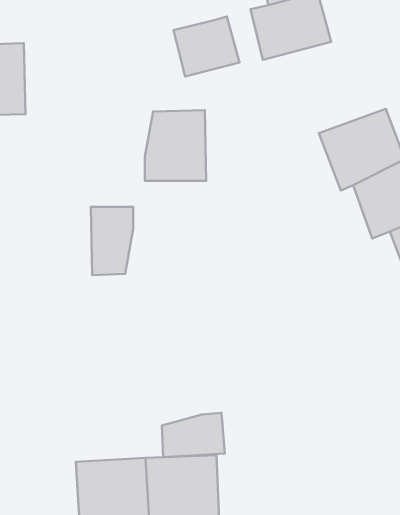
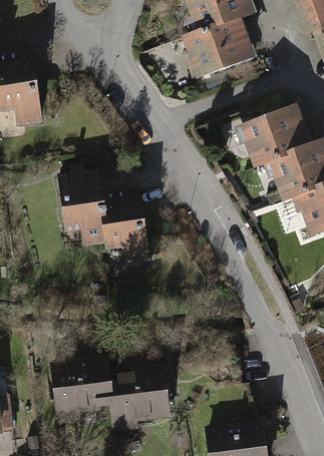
building: [173,17,240,77] -> none
building: [145,110,206,181] -> [101,199,146,252]
building: [162,413,225,457] -> none

